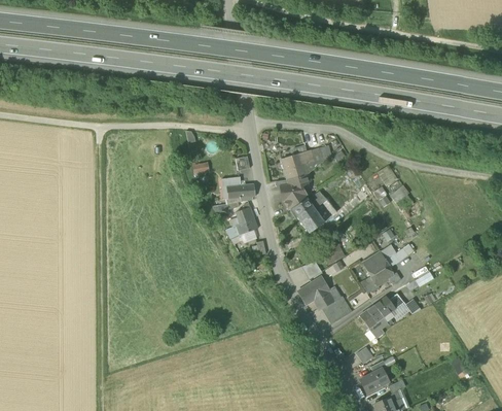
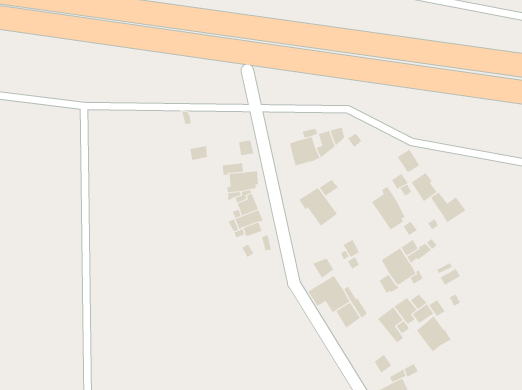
building: [281,174,309,209] -> none
building: none -> [371,187,405,230]
building: none -> [430,192,466,223]
building: none -> [416,315,452,352]

